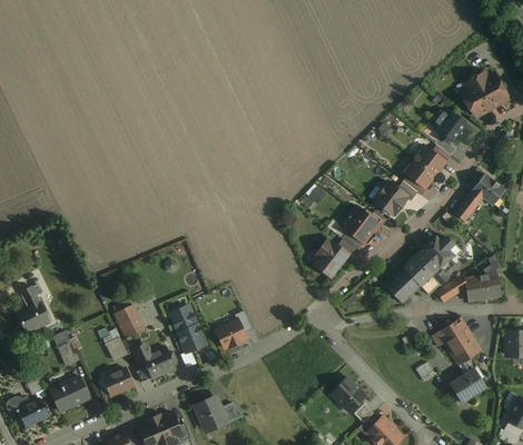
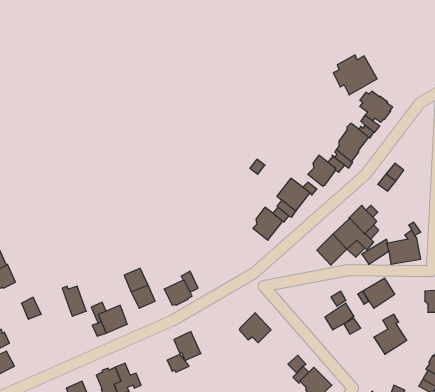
building: [460,72,509,117] -> [333,55,377,95]
building: [472,175,504,206] -> none
building: [116,306,145,338] -> none
building: [448,336,481,366] -> [325,303,354,330]
building: [102,369,131,396] -> none
building: [50,377,87,412] -> none
building: [329,377,365,411] -> [239,313,271,343]
building: [194,397,224,429] -> [174,332,201,361]

